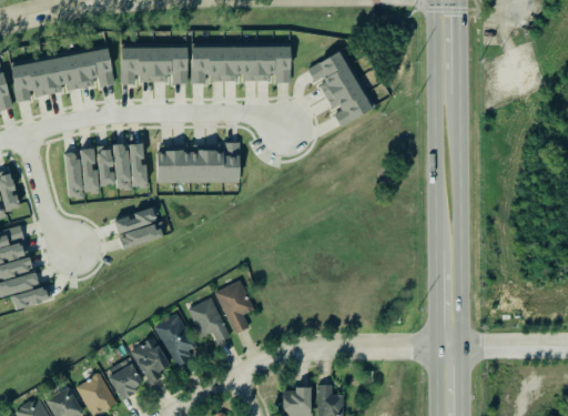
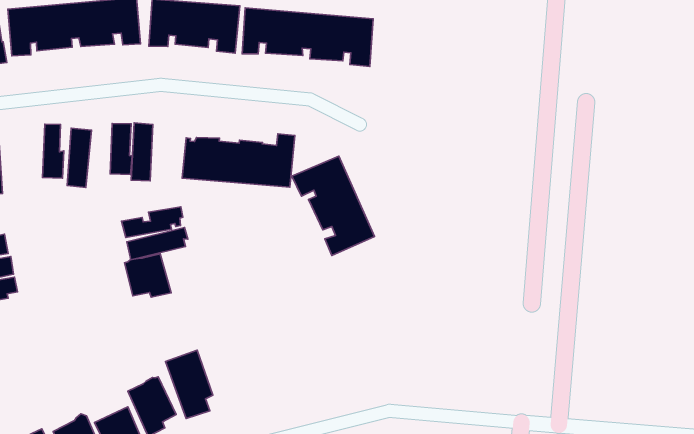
building: [304,50,372,126] -> [292,156,374,255]
building: [131,143,148,185] -> none
building: [82,149,100,191] -> [42,124,64,178]
building: none -> [125,254,171,297]
building: [215,280,255,335] -> none
building: [189,297,231,343] -> none

